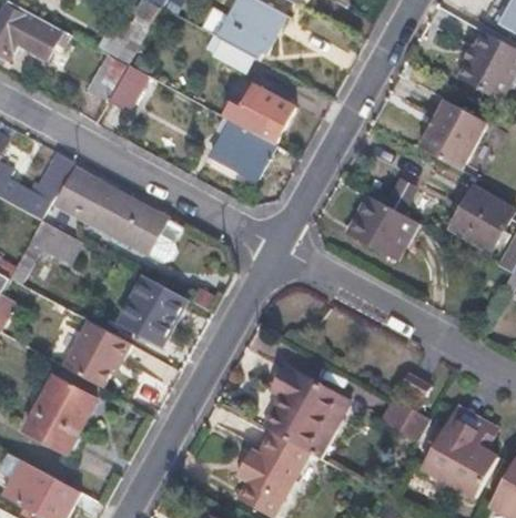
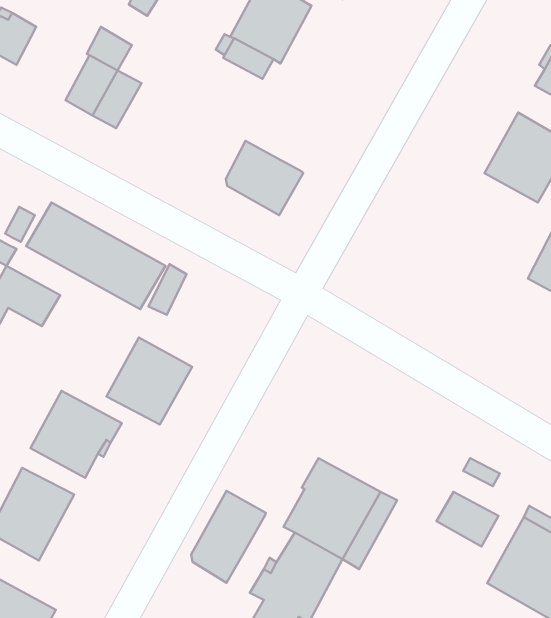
building: [240,83,294,144] -> none
building: [347,194,418,260] -> none
building: none -> [191,491,266,583]

